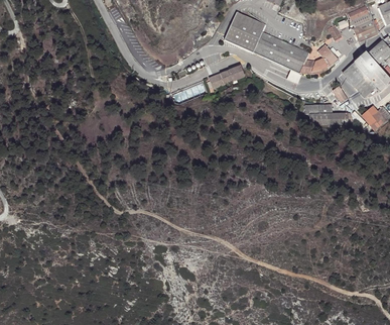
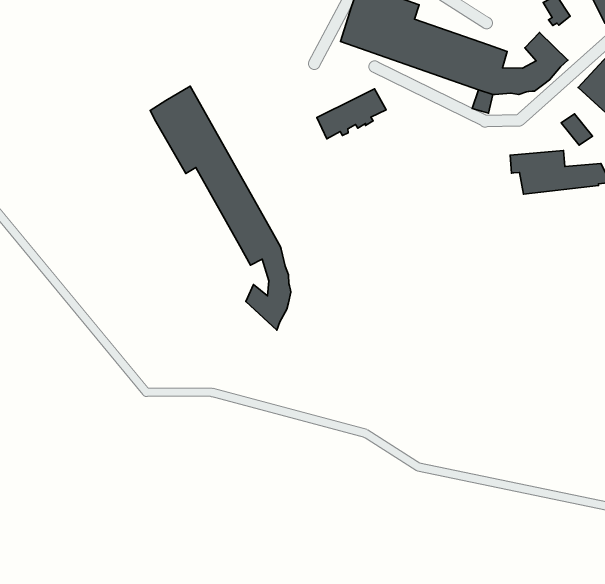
building: none -> [150,86,291,330]

